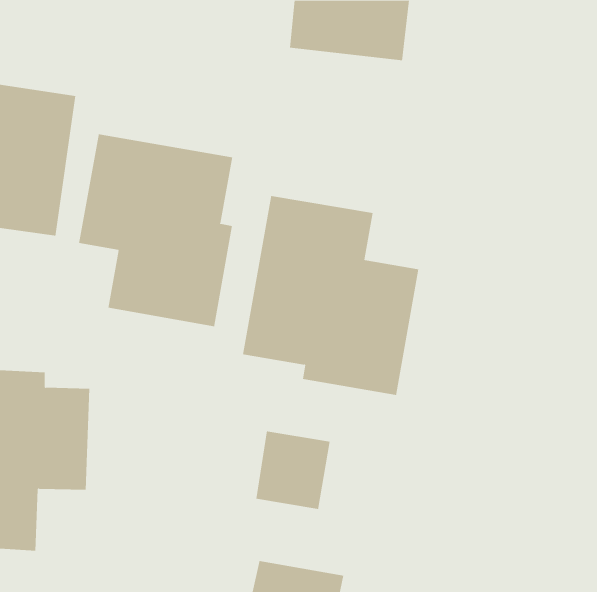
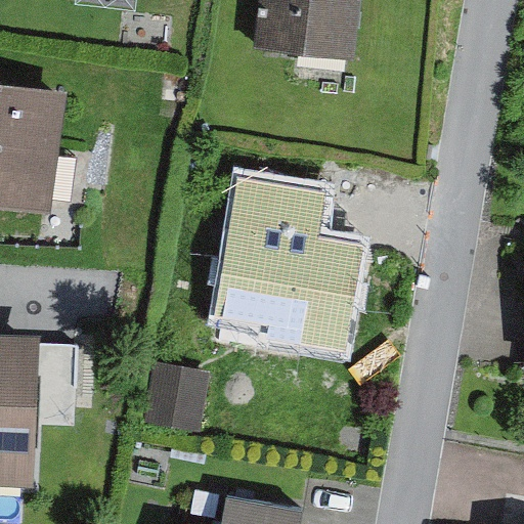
building: [79,133,233,327] -> none
building: [256,431,331,509] -> [144,364,210,433]

